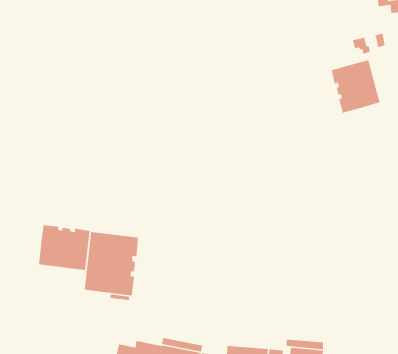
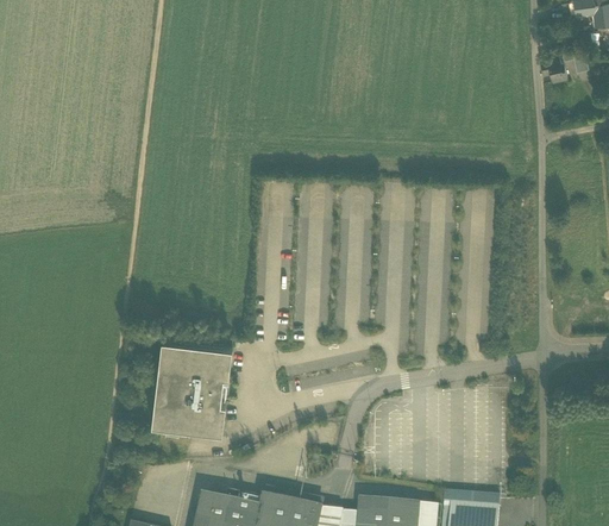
building: [331,59,380,113] -> none
building: [38,224,91,271] -> none

